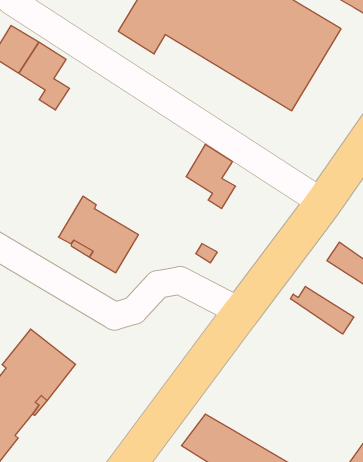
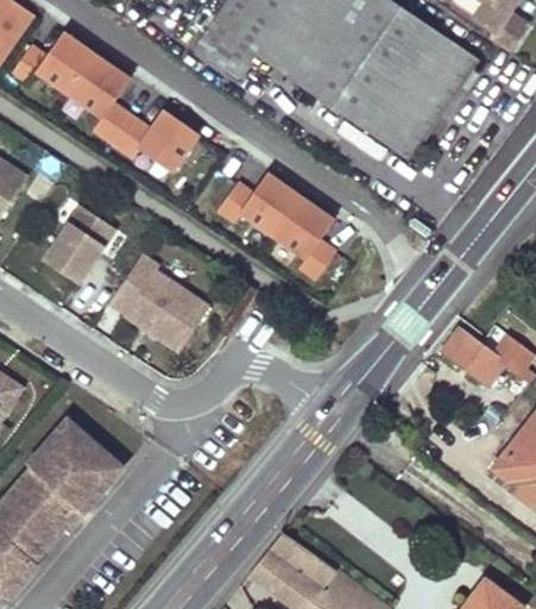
building: none -> [113,109,197,172]
building: none -> [217,174,299,236]
building: none -> [44,205,115,283]
building: [290,286,354,334] -> none

